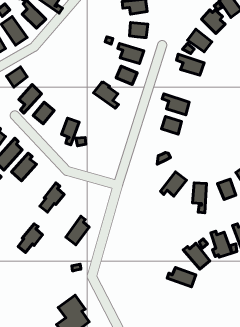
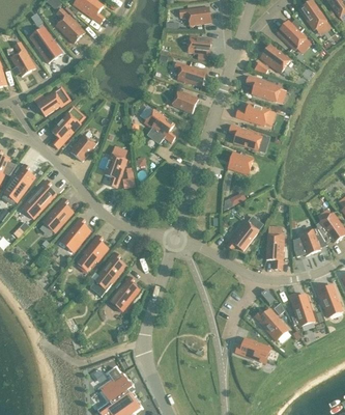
building: none -> [236,103,269,125]
building: none -> [60,216,90,251]
building: [18,224,42,252] -> [95,252,125,287]

